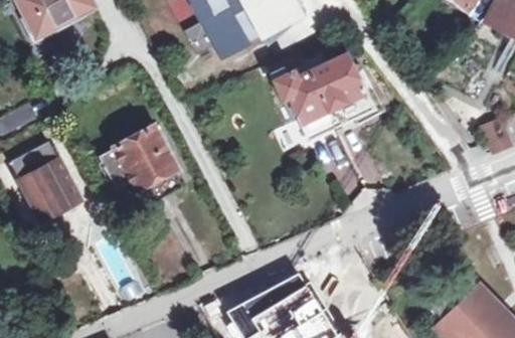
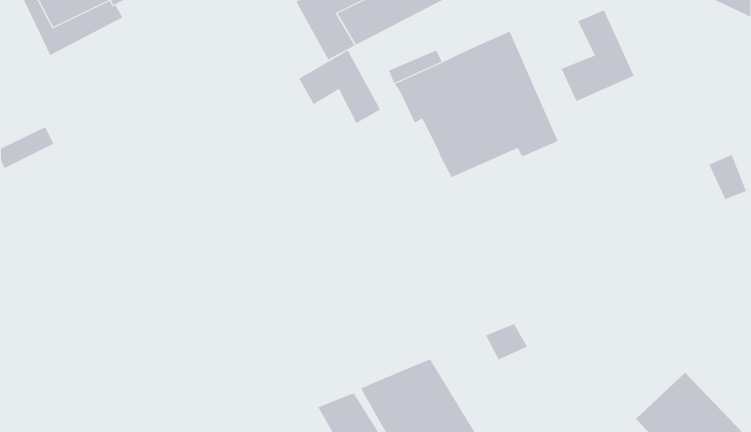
building: none -> [561,9,635,102]
building: none -> [299,50,381,124]
building: [100,128,178,197] -> none
building: [12,145,82,219] -> none

